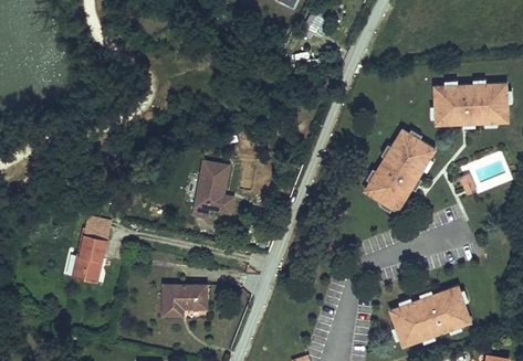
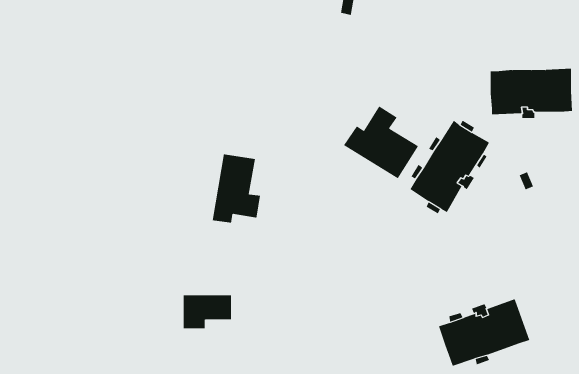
building: none -> [343,106,419,179]
building: [73,217,112,283] -> none

